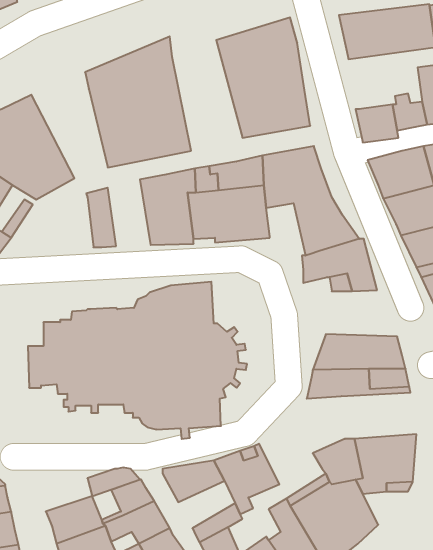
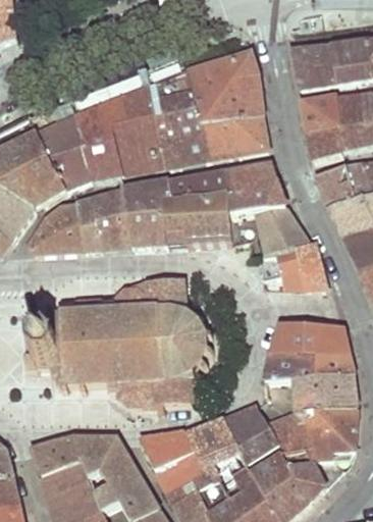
building: none -> [147,55,209,165]
building: none -> [303,94,363,129]
building: none -> [29,98,94,189]
building: none -> [94,190,130,247]
building: none -> [29,205,82,251]
building: none -> [294,372,358,412]
building: none -> [223,402,277,459]
building: none -> [33,435,81,474]
building: none -> [154,448,203,488]

